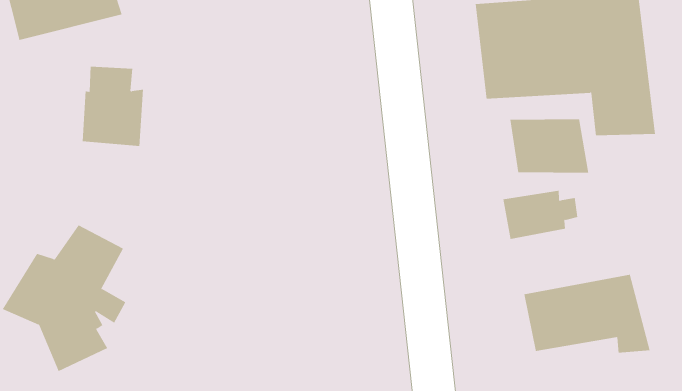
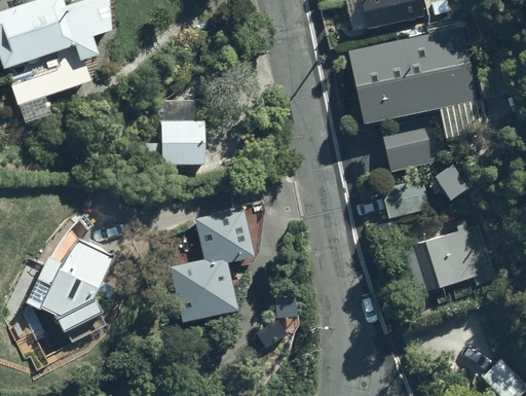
building: [82,66,144,147] -> [160,103,204,159]
building: none -> [170,205,254,320]

